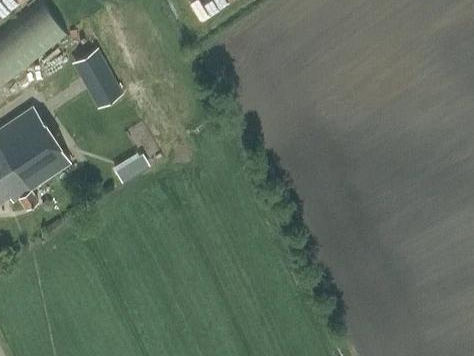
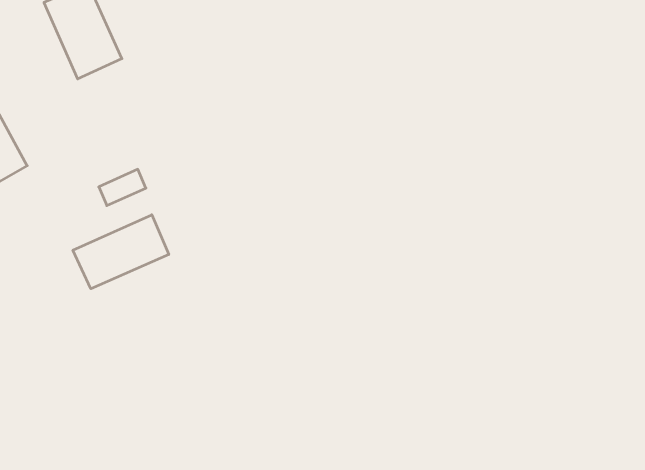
building: none -> [73,215,169,289]

